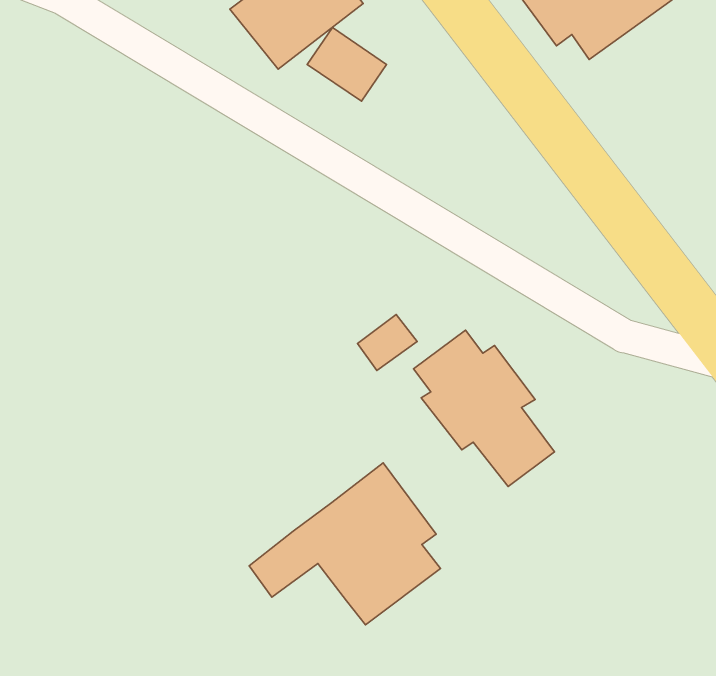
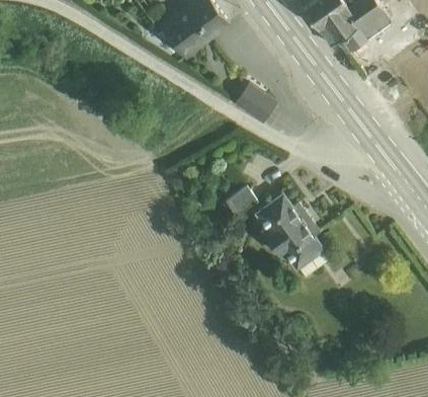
building: [307,28,387,101] -> [234,83,275,122]
building: [249,463,441,625] -> none

